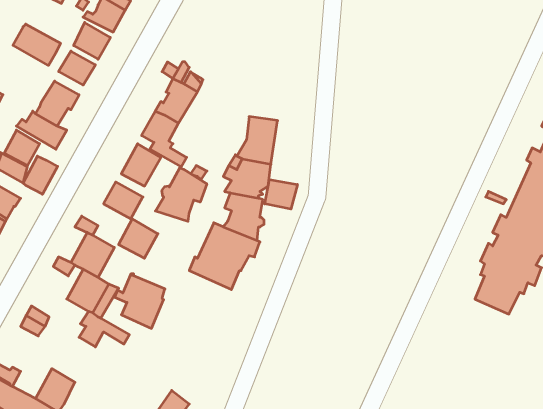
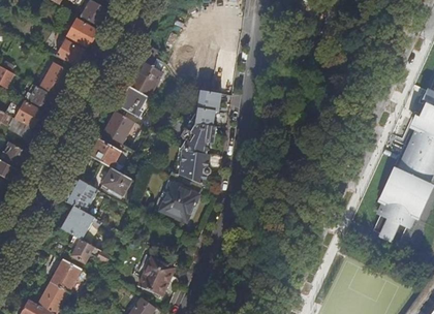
building: [13,24,60,65] -> none
building: [23,156,58,194] -> none
building: [155,168,207,221] -> none
building: [265,179,297,209] -> none
building: [115,274,165,328] -> [134,256,173,297]
building: none -> [51,260,82,292]

